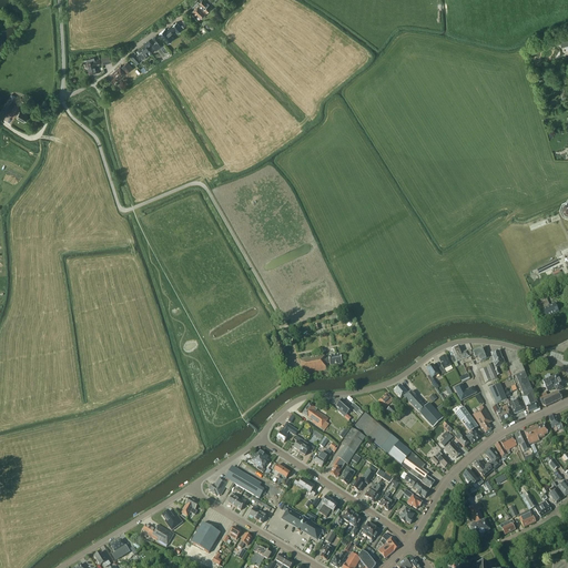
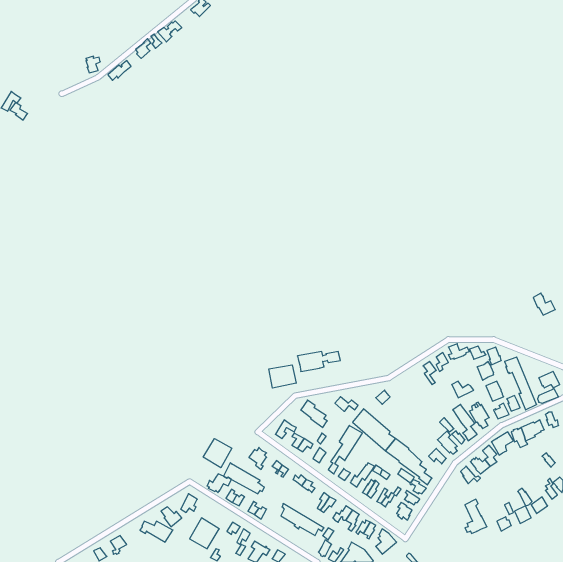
building: none -> [269,365,296,388]
building: [394,385,444,427] -> none
building: none -> [203,439,232,468]

